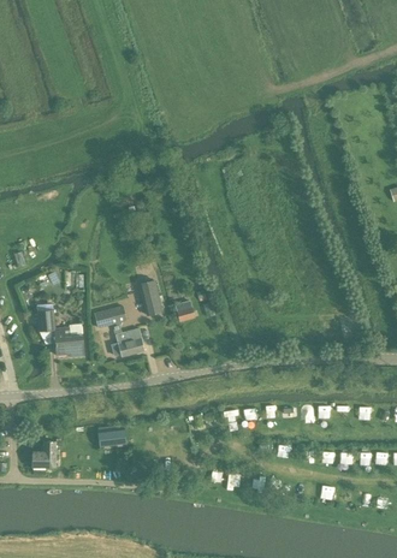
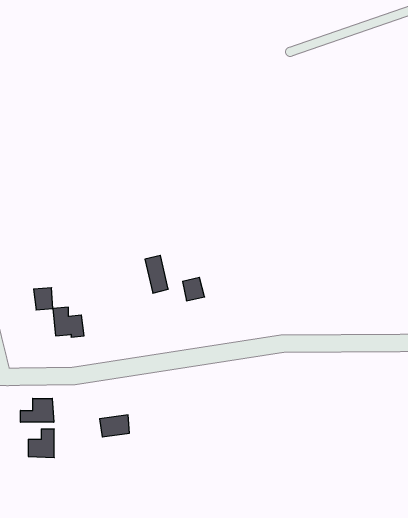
building: [94,304,144,356] -> none
building: none -> [21,398,54,422]

